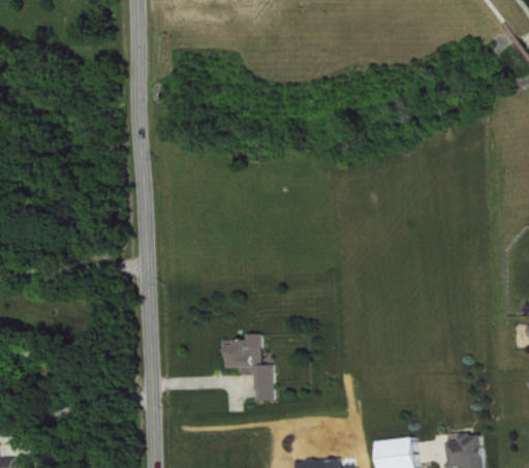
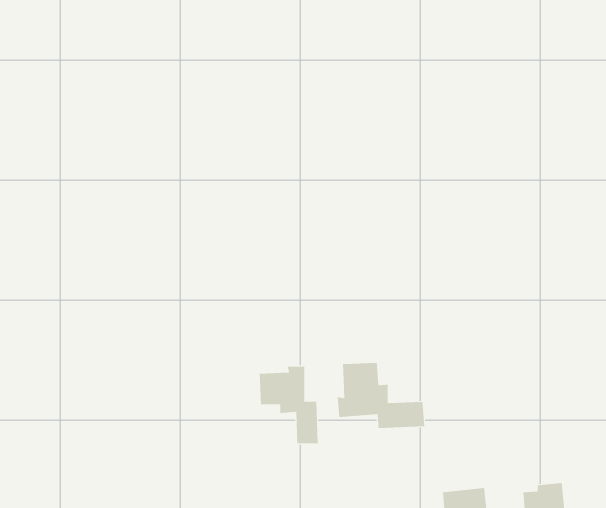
building: none -> [337,362,425,429]

